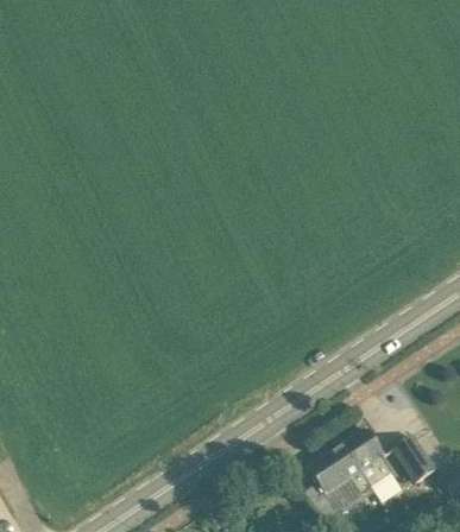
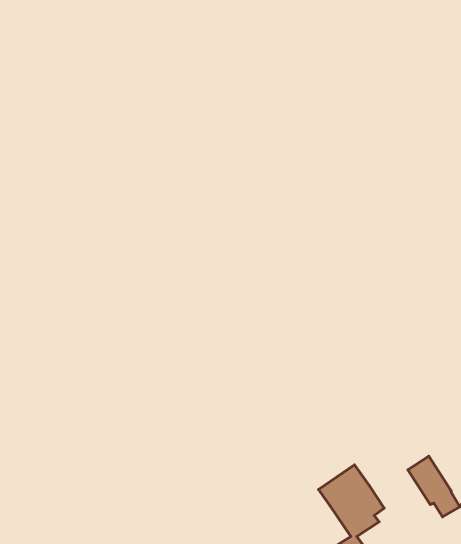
building: [344,430,392,488] -> none

